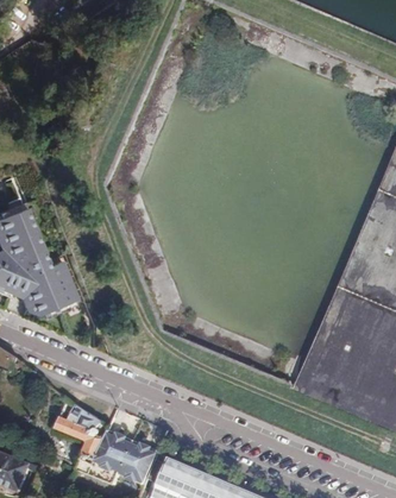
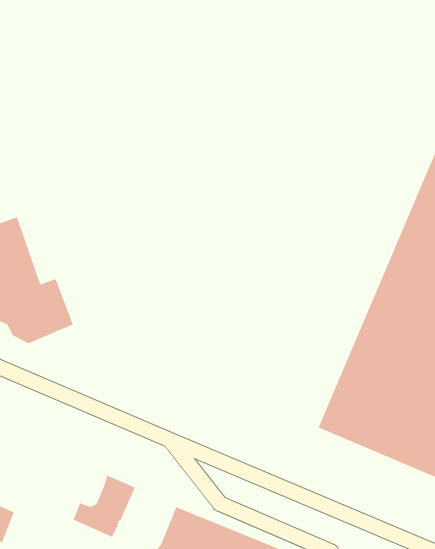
building: [58,406,107,458] -> none
building: [120,441,170,490] -> none

